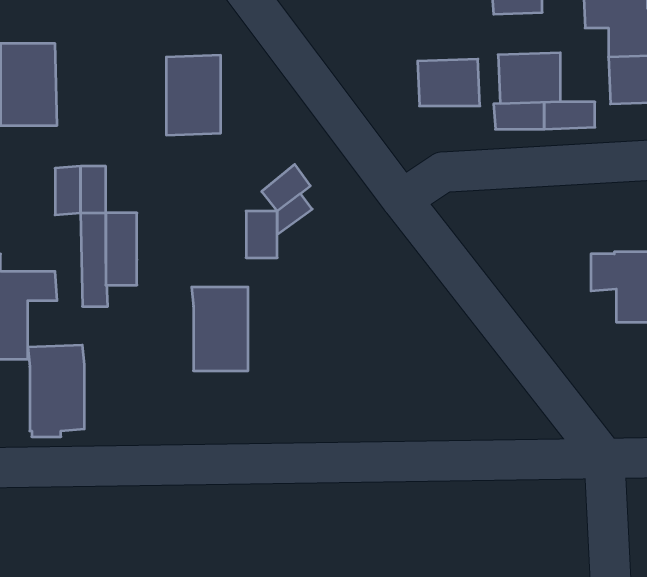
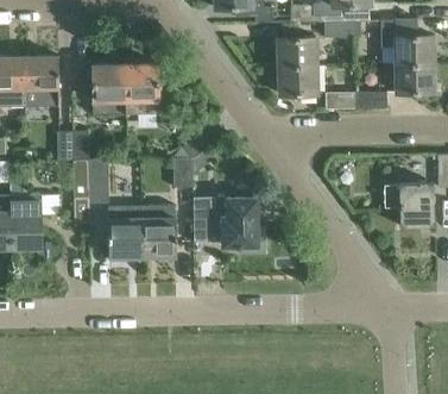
building: [498,53,560,103] -> [277,36,315,67]
building: none -> [92,64,125,112]
building: none -> [195,198,264,252]
building: [28,345,84,437] -> [107,205,141,261]

